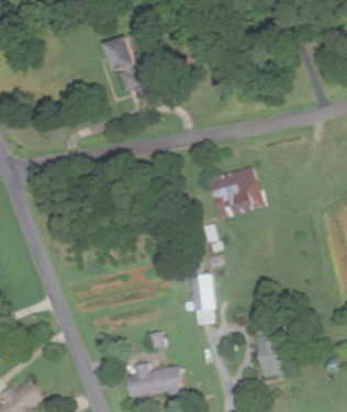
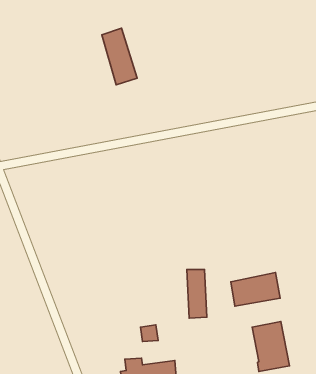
building: [208,167,262,220] -> none
building: none -> [231,272,280,306]

